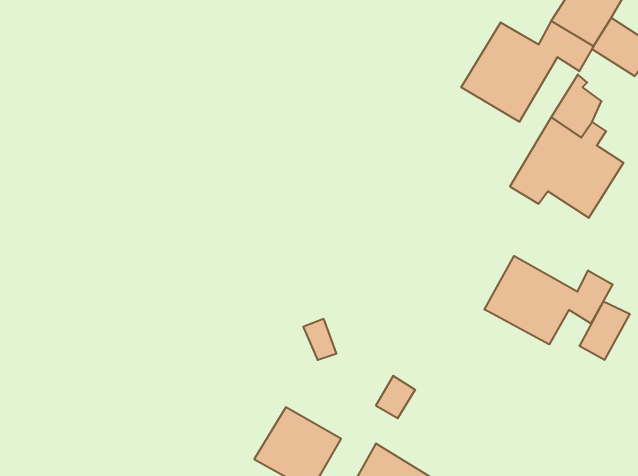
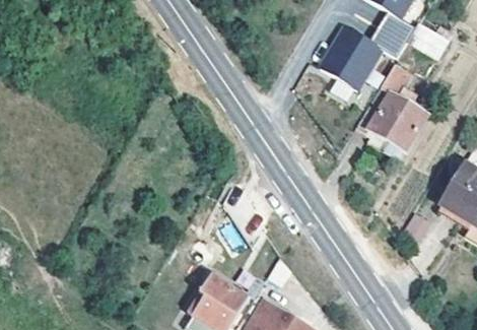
building: [484,256,613,344] -> none

